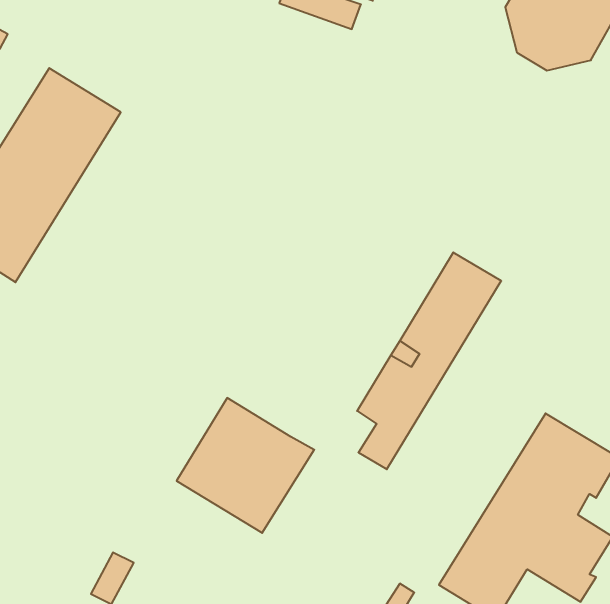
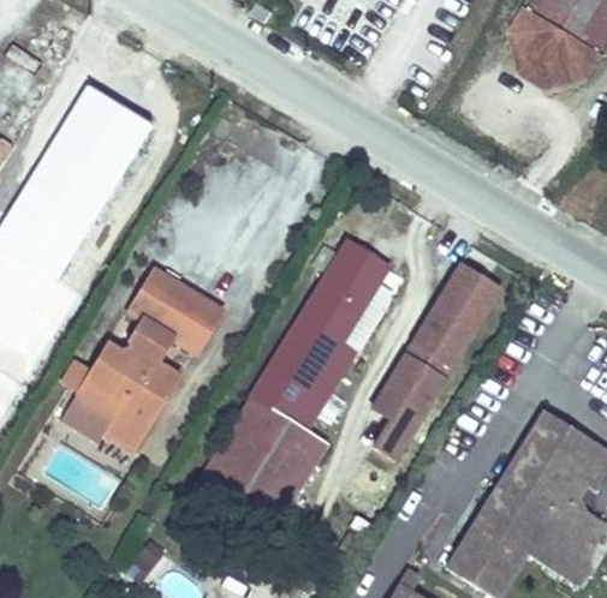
building: none -> [251,234,394,429]
building: none -> [66,263,219,449]

